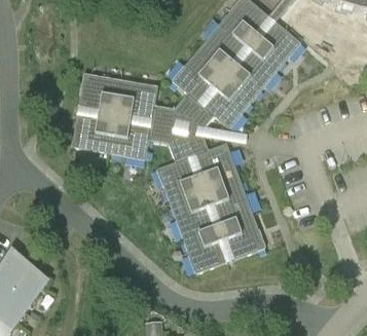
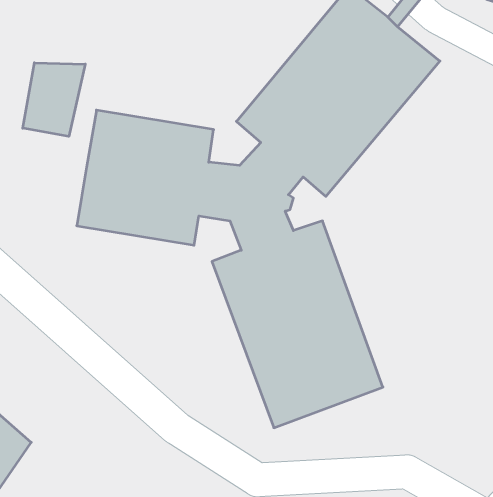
building: none -> [23,63,85,136]

